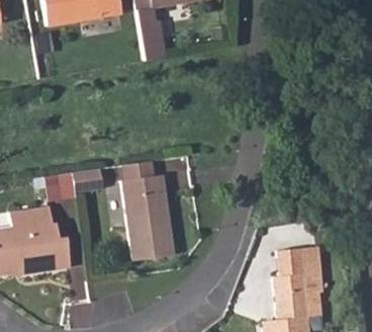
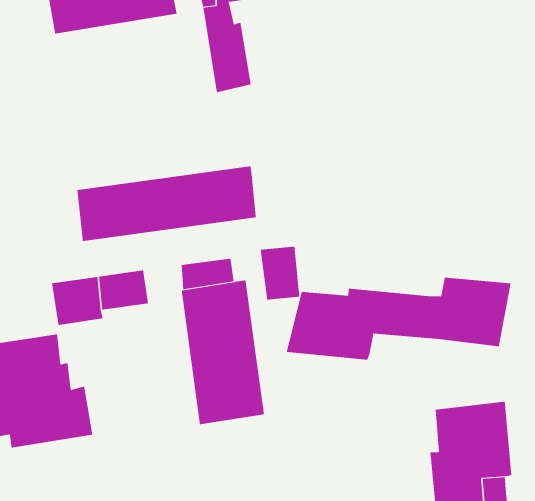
building: none -> [77,166,257,242]
building: none -> [286,277,511,360]

